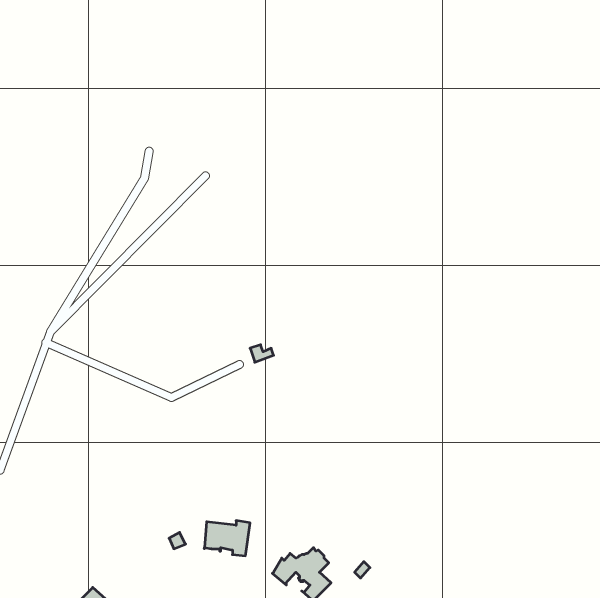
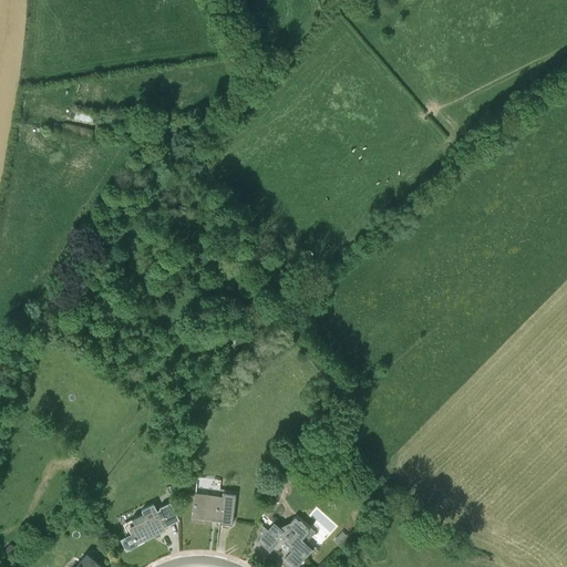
building: none -> [121,505,166,550]

